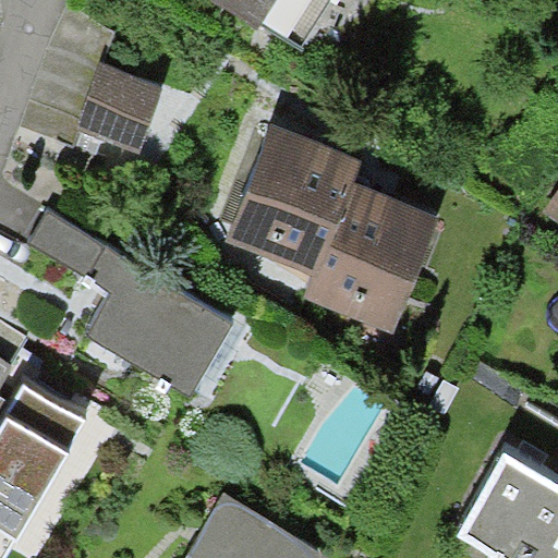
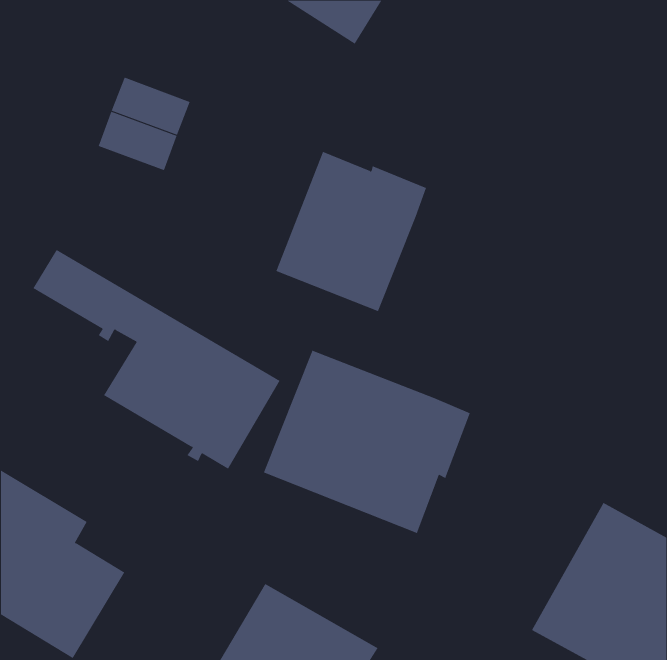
building: [307,186,433,323] -> none
building: none -> [263,350,471,534]

